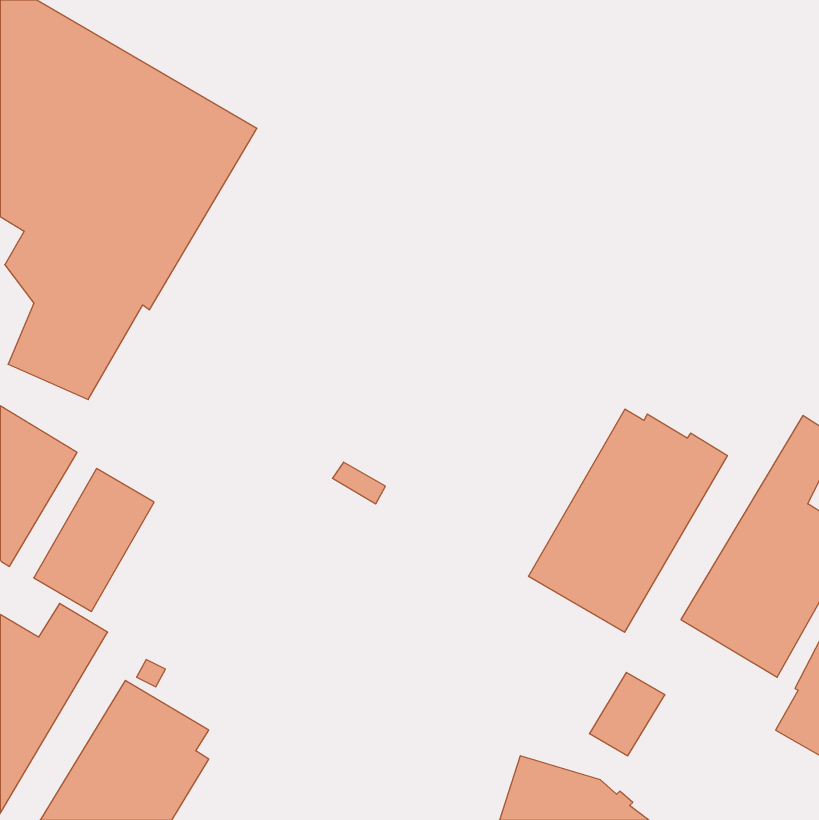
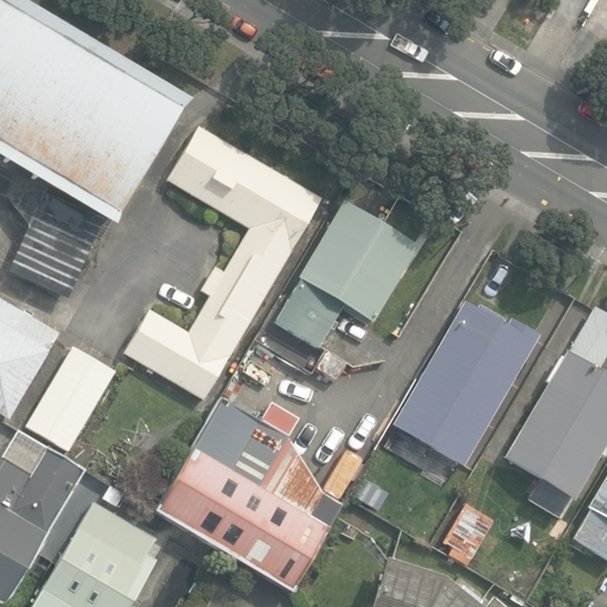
building: none -> [123,127,320,400]
building: none -> [276,203,417,347]
building: none -> [153,392,353,587]

